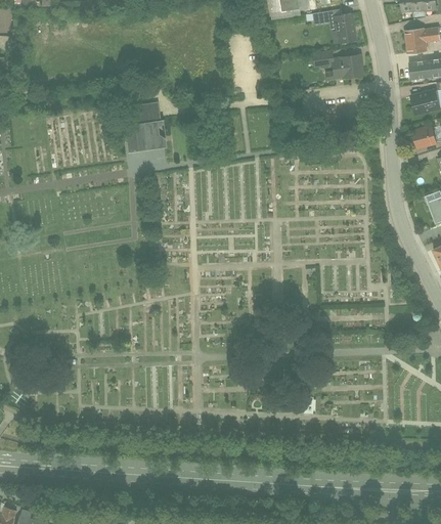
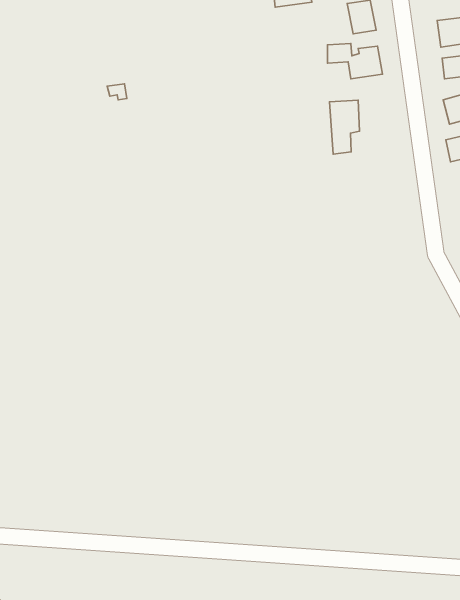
building: none -> [329,100,359,154]
building: [126,104,160,143] -> none

